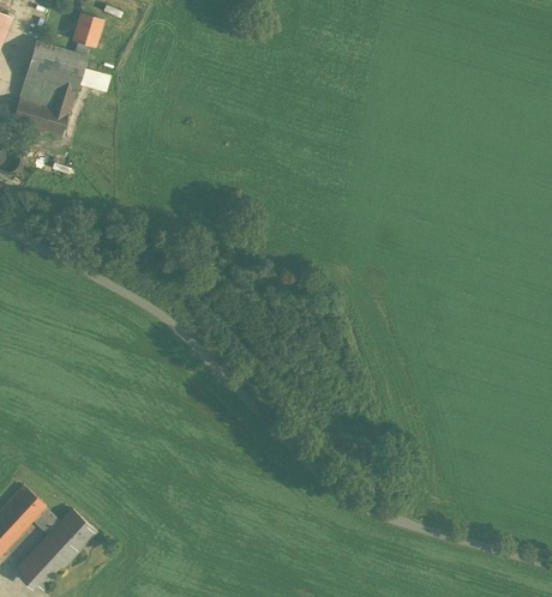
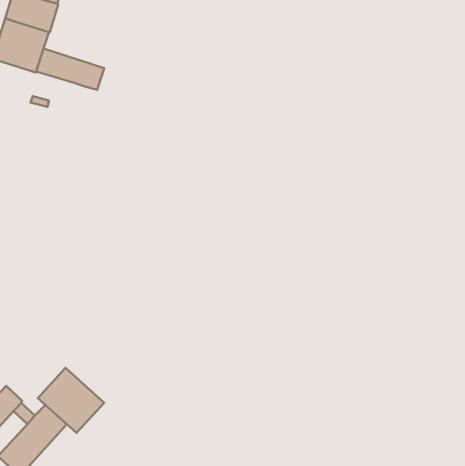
building: none -> [36,49,104,90]
building: none -> [38,368,104,433]

